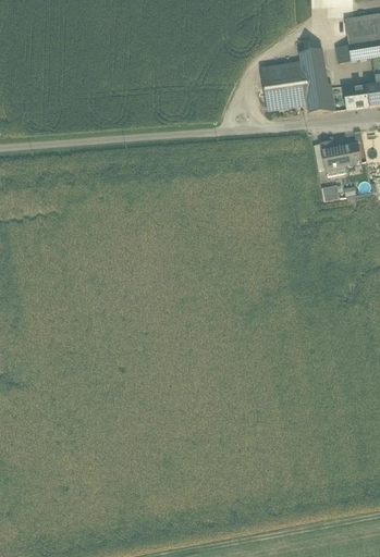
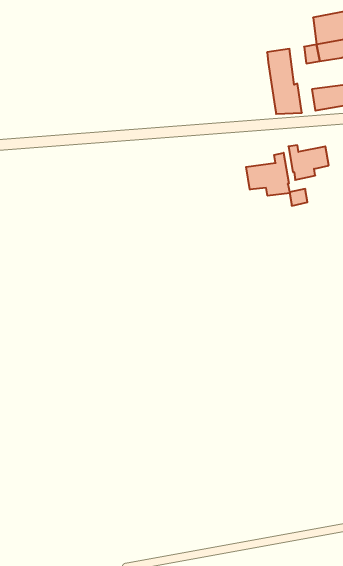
building: [261,61,308,109] -> none
building: none -> [246,153,290,196]

